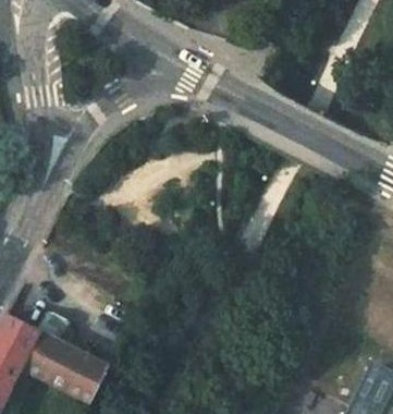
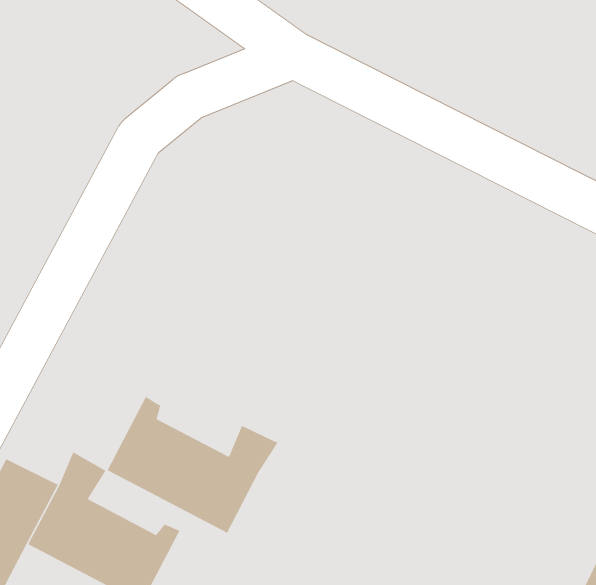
building: none -> [106,396,278,534]

